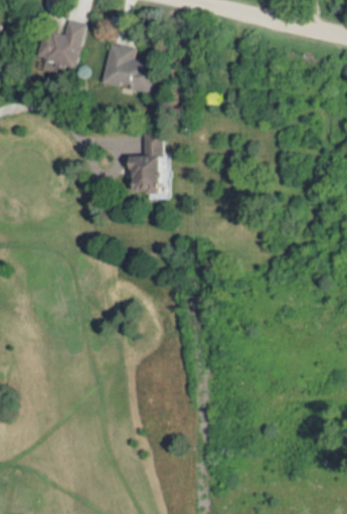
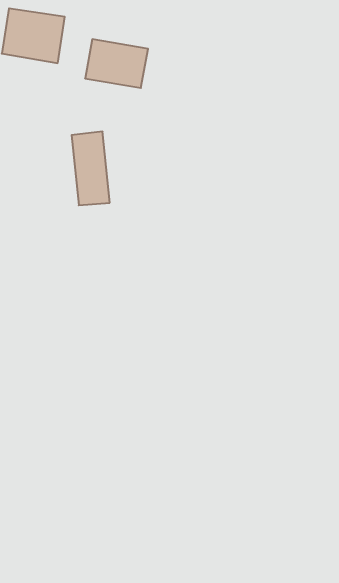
building: [135,133,167,195] -> [72,132,110,205]

